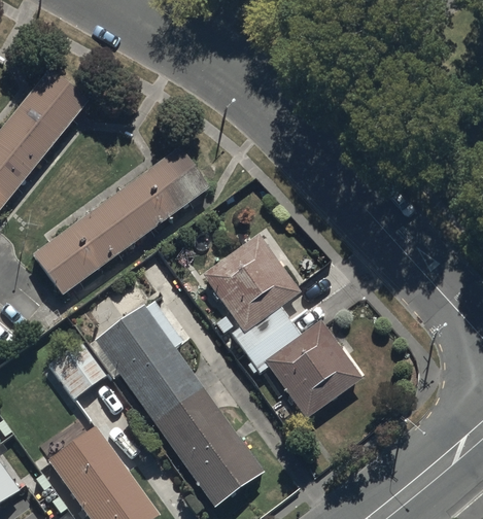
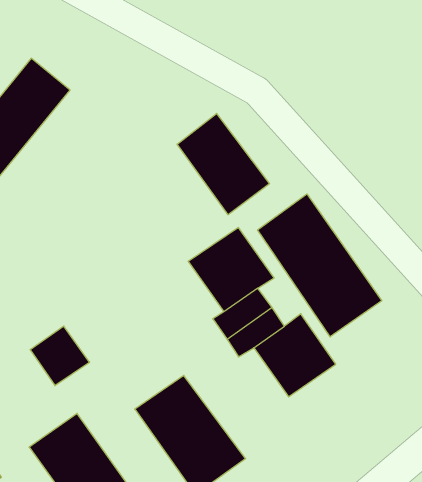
building: none -> [177,113,269,215]
building: [32,148,204,295] -> none
building: none -> [258,194,382,337]
building: [95,305,203,422] -> none

